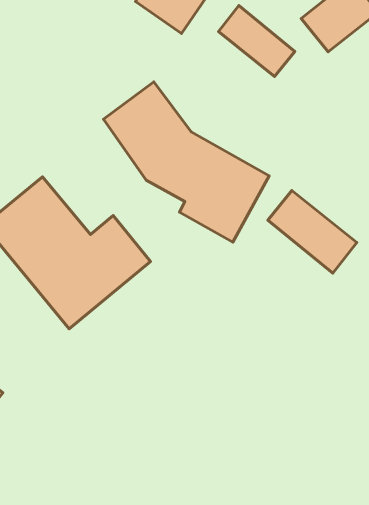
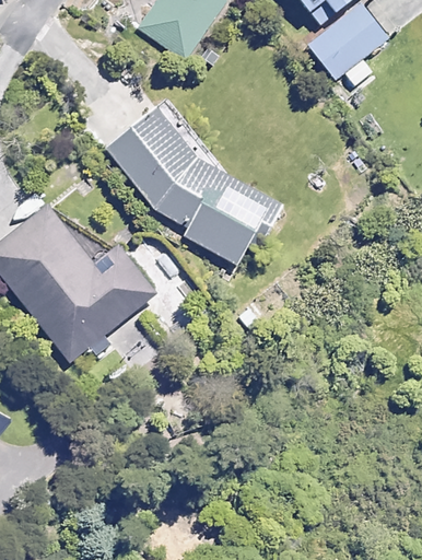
building: [219,6,295,76] -> none
building: [268,190,357,273] -> none

